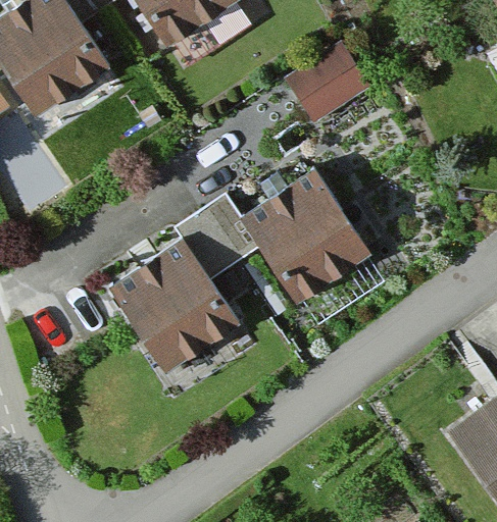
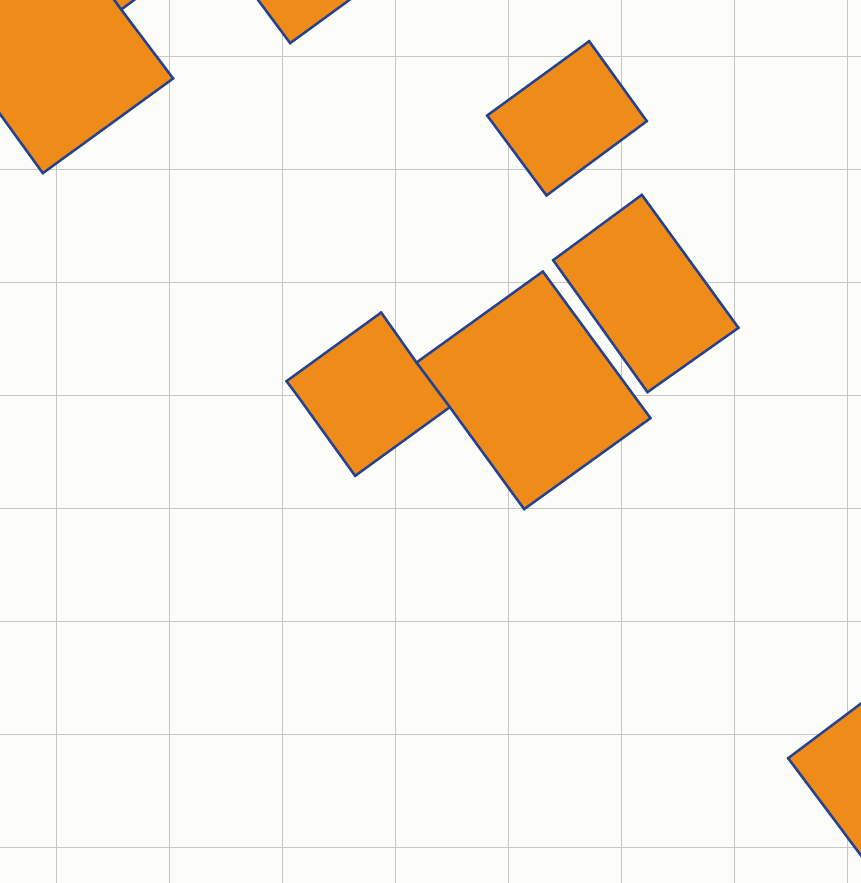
building: none -> [553,195,738,392]
building: [107,238,238,371] -> none

